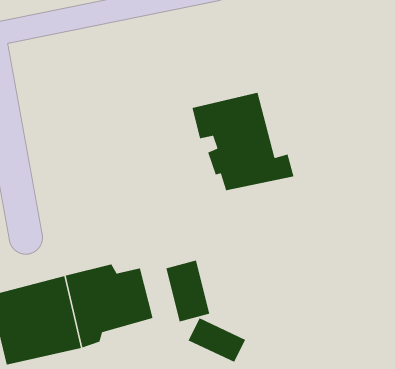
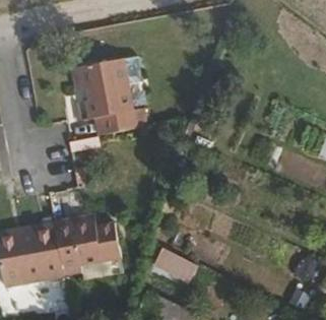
building: [192,92,295,191] -> [66,57,146,134]
building: [165,259,210,323] -> none

